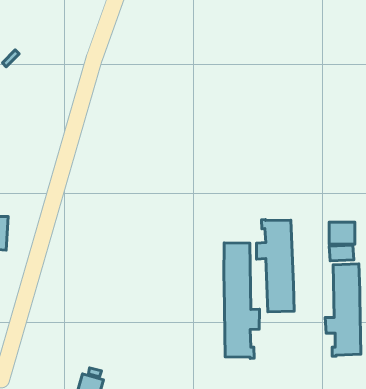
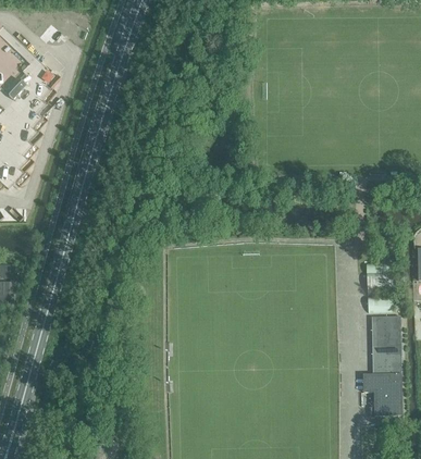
building: [257,219,294,312] -> none
building: [224,243,260,358] -> none

